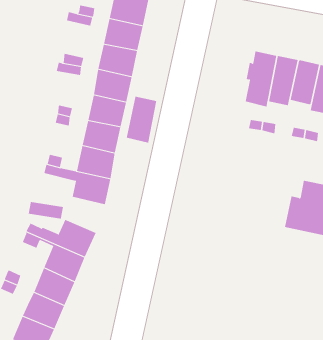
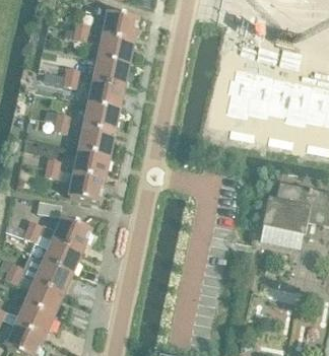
building: [126,96,157,143] -> none

